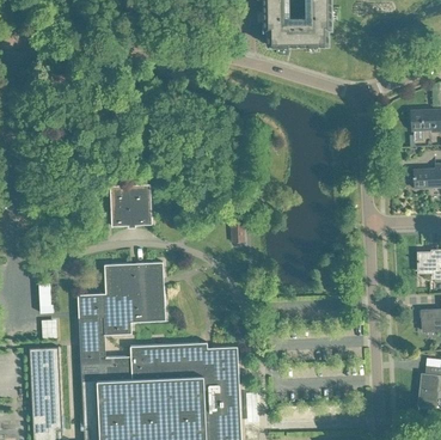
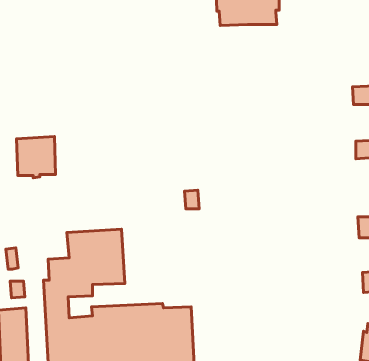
building: [110,184,152,228] -> [17,137,56,178]

